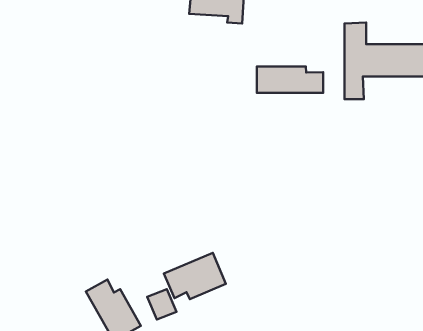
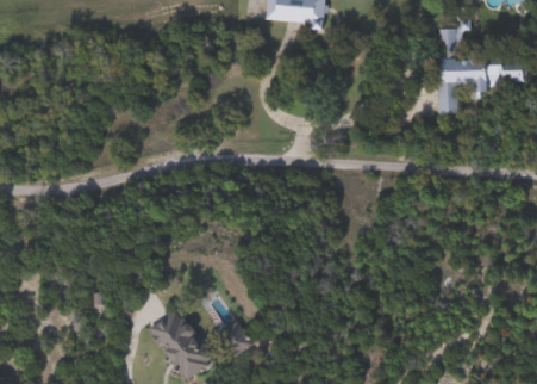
building: [257,66,323,93] -> none
building: [164,253,226,299] -> none

